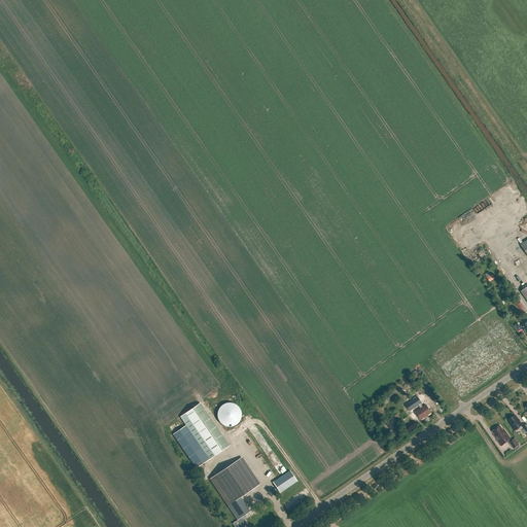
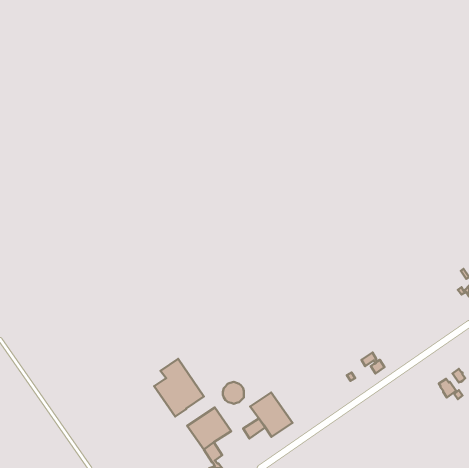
building: [217,401,241,426] -> [223,382,244,404]
building: none -> [250,392,292,437]

